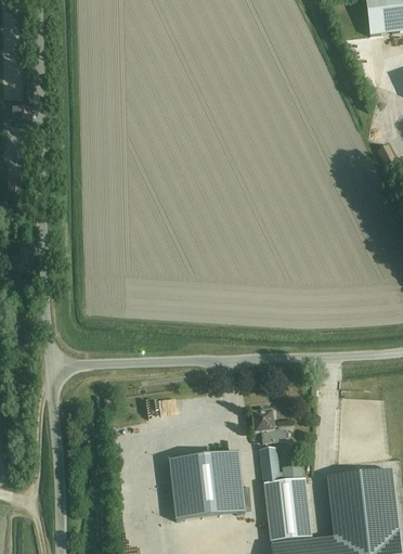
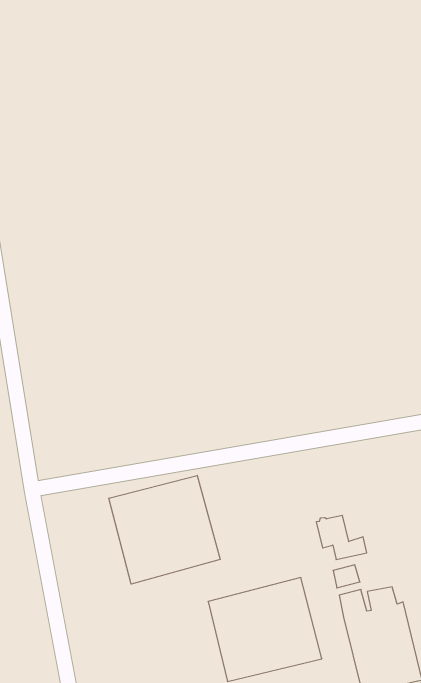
building: none -> [109,475,220,584]

